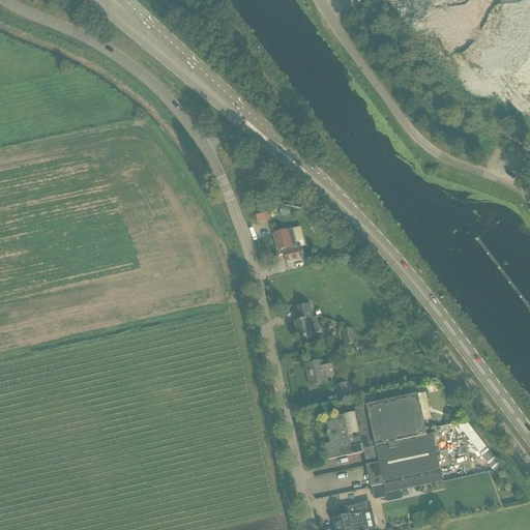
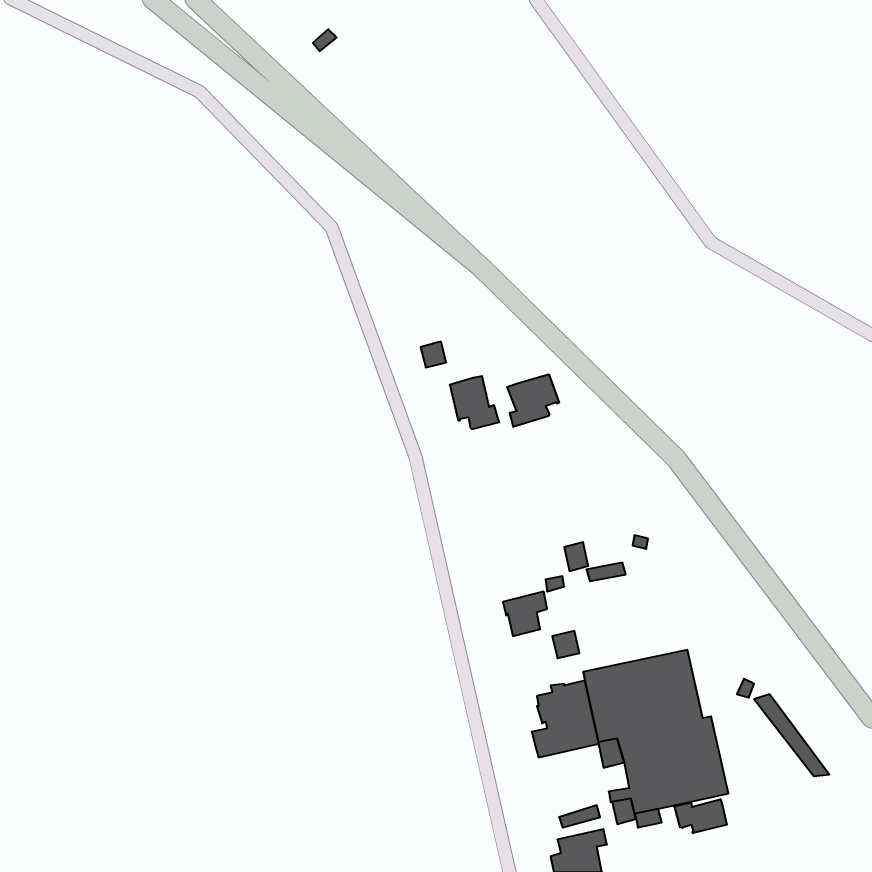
building: none -> [507,374,559,427]
building: [293,303,312,337] -> none
building: none -> [675,799,727,833]

